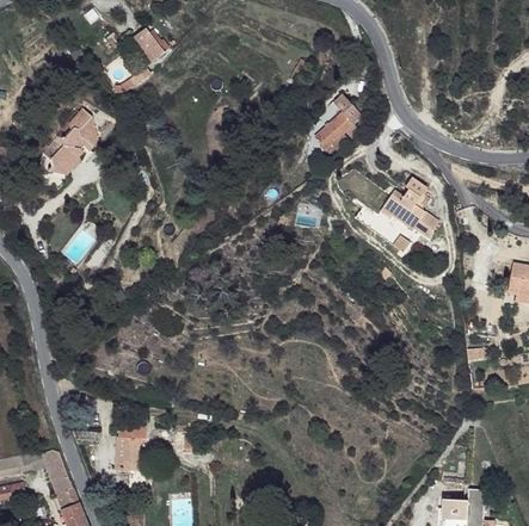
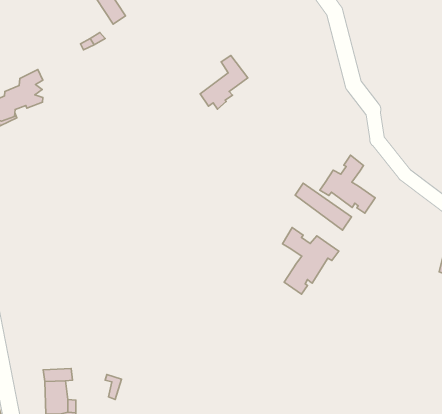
building: [320,93,368,149] -> [200,56,248,109]
building: none -> [283,227,339,294]

